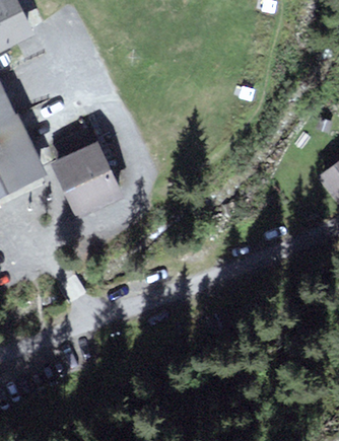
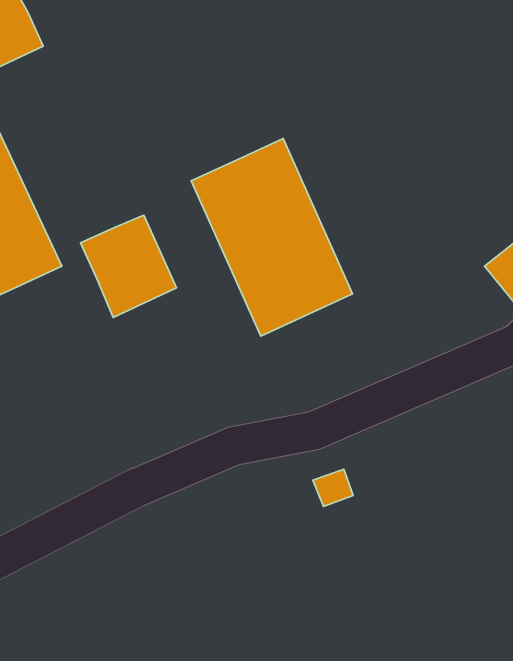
building: none -> [191,138,353,336]

